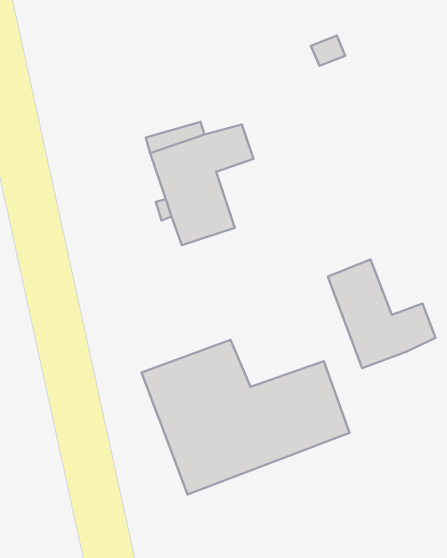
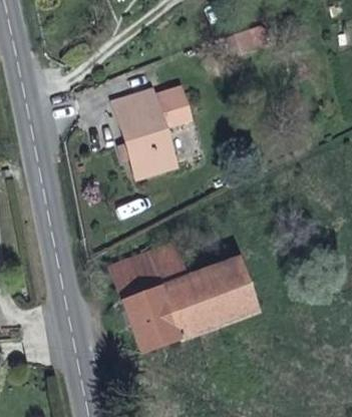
building: [328,259,436,368] -> none

